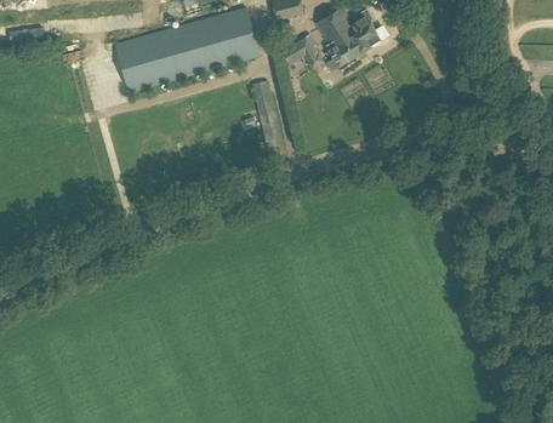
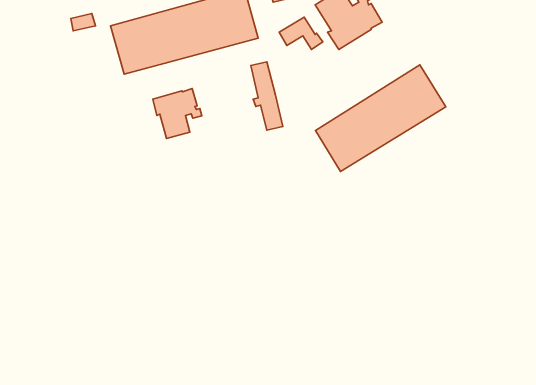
building: none -> [316,65,446,172]
building: none -> [153,89,202,139]

